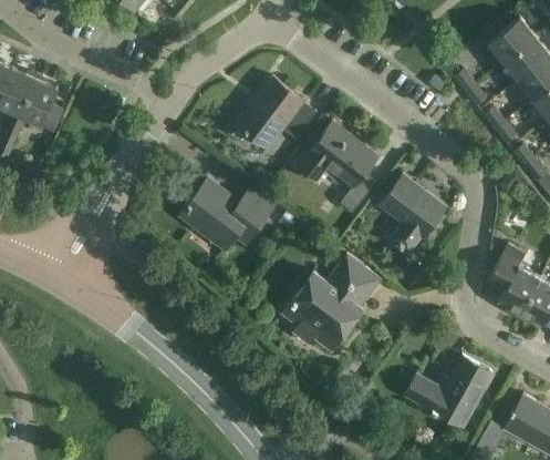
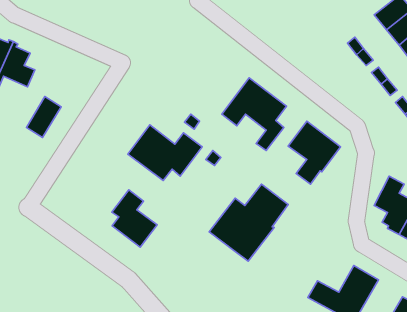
building: [231,76,318,150] -> none
building: none -> [26,97,61,138]
building: none -> [112,190,157,247]

